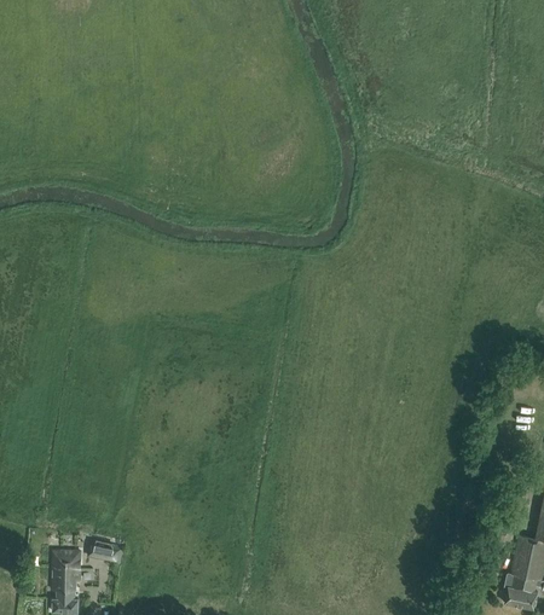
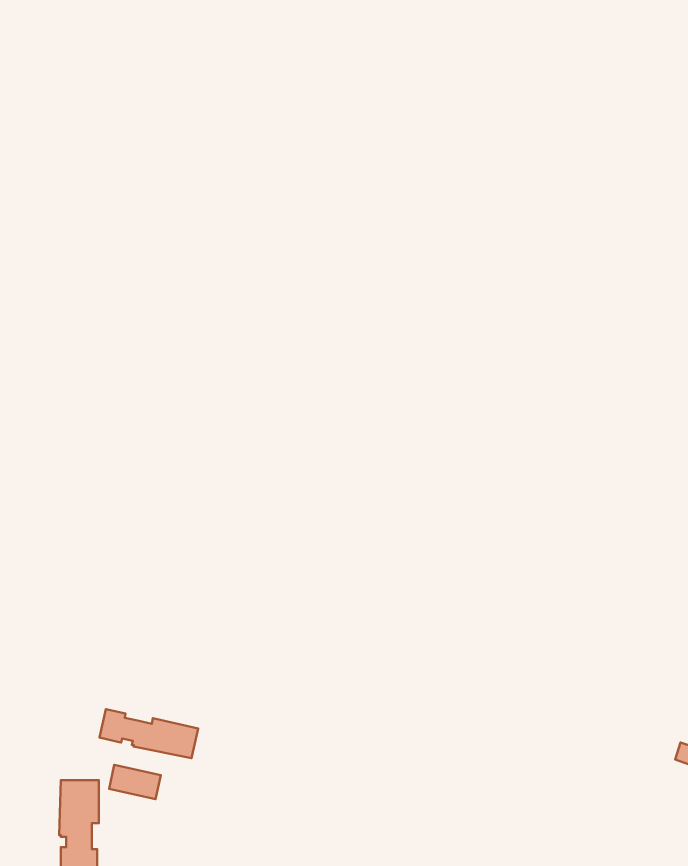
building: none -> [99,709,198,758]

